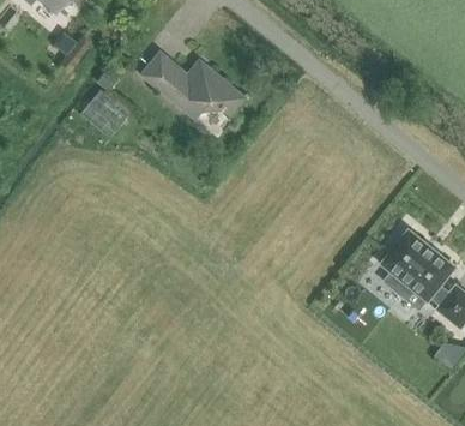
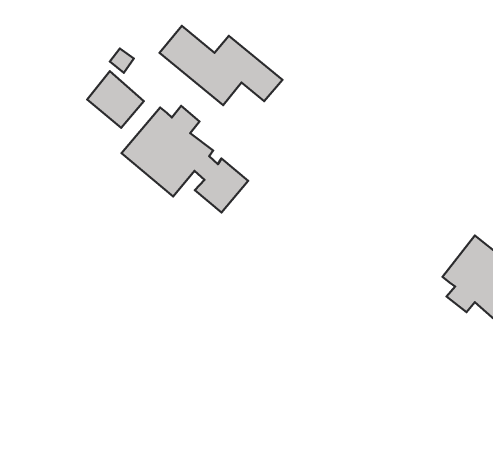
building: none -> [122,106,248,212]

